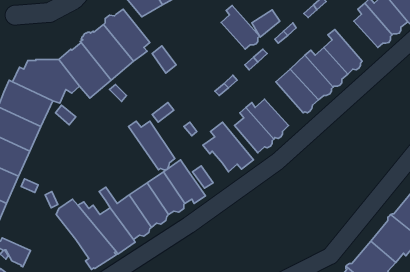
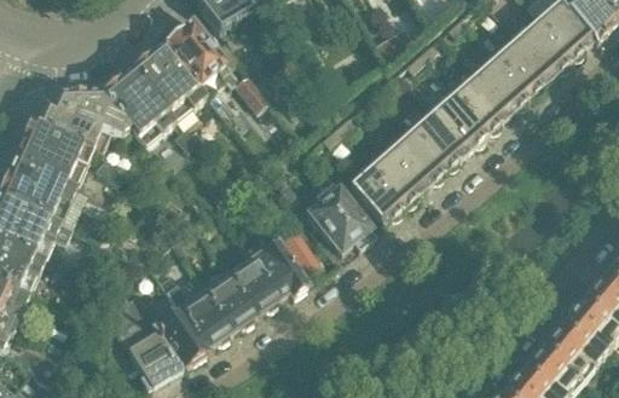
building: [221,5,260,49] -> [392,122,446,184]
building: none -> [491,36,551,93]
building: [128,121,175,170] -> none

